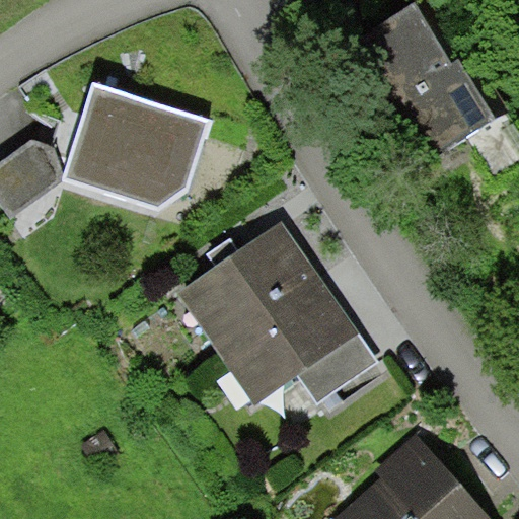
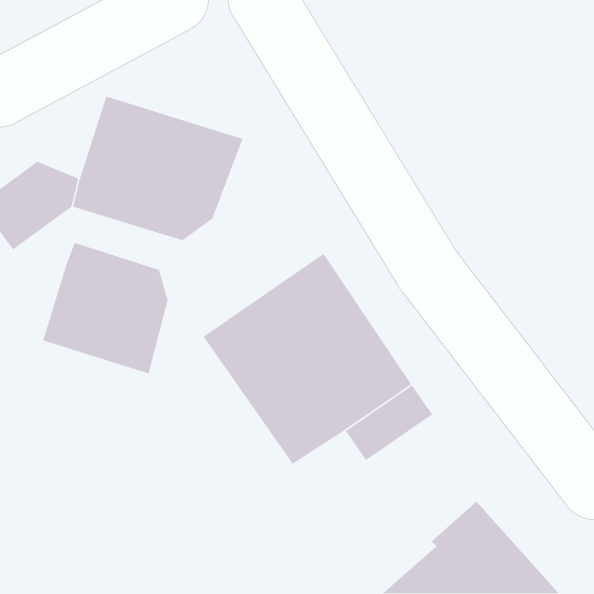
building: [355,4,497,160] -> none
building: none -> [42,242,168,374]

